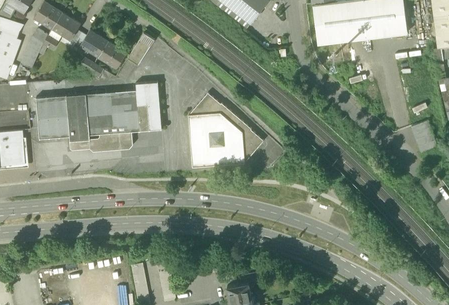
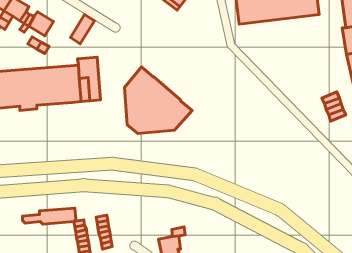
building: [98,41,126,68] -> none
building: [70,132,130,150] -> [22,208,76,224]

